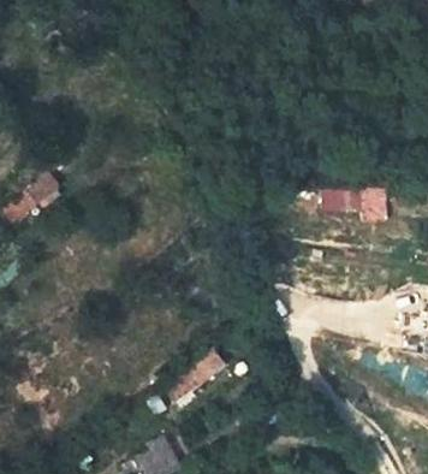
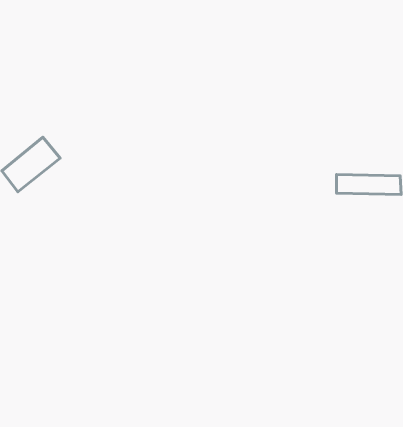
building: [165,349,231,403] -> none

